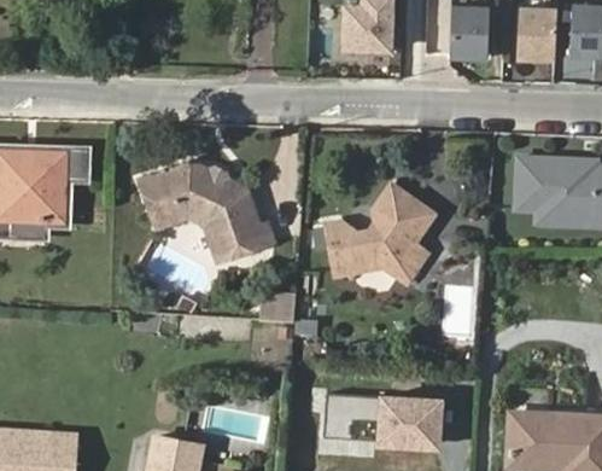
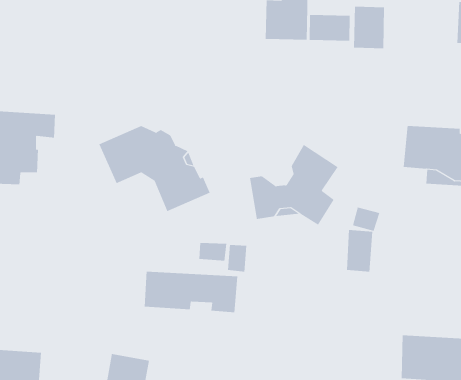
building: [519,13,560,66] -> none
building: none -> [309,14,350,41]
building: [325,394,439,444] -> [144,271,238,313]

